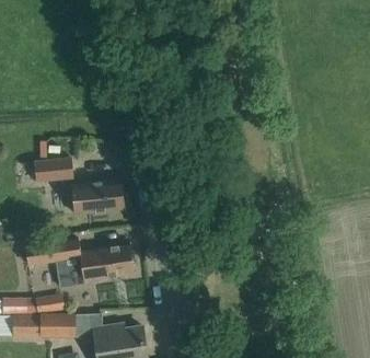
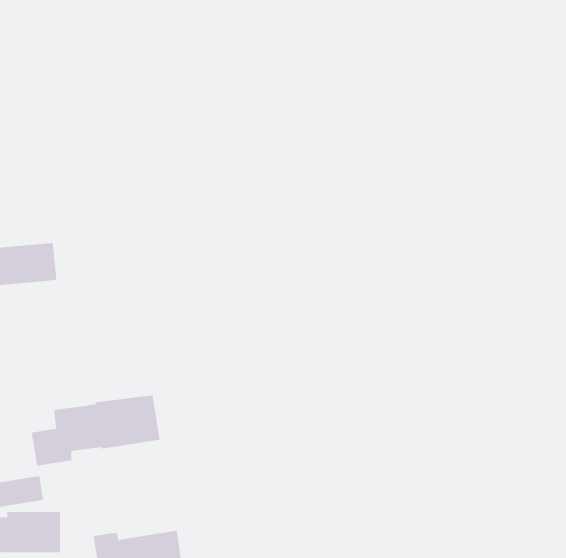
building: [73,178,125,213] -> none

